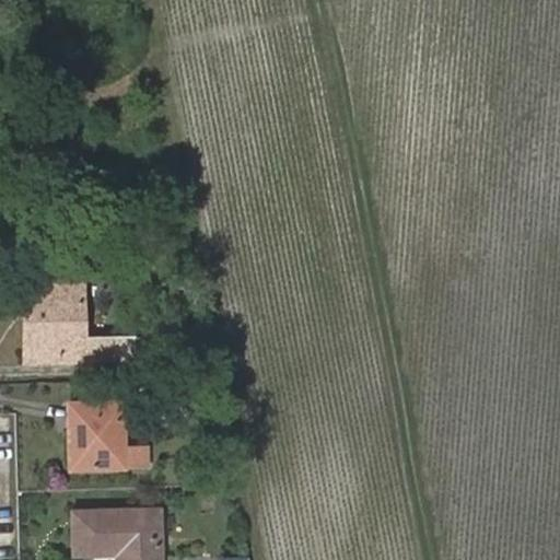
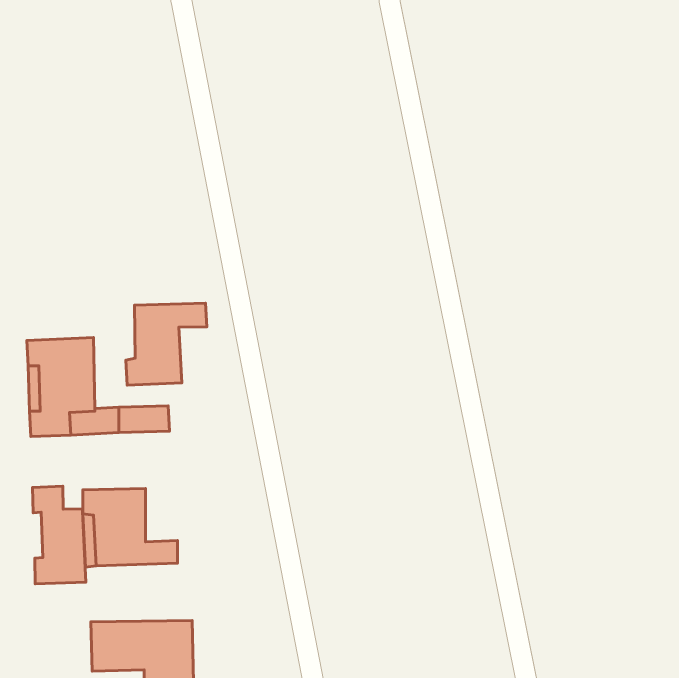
building: none -> [126,303,207,385]
building: none -> [32,486,86,584]

